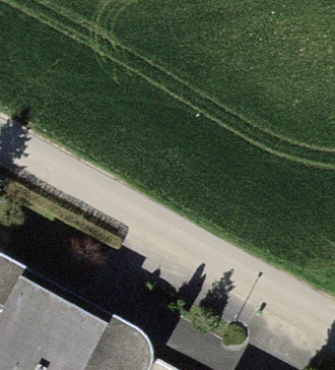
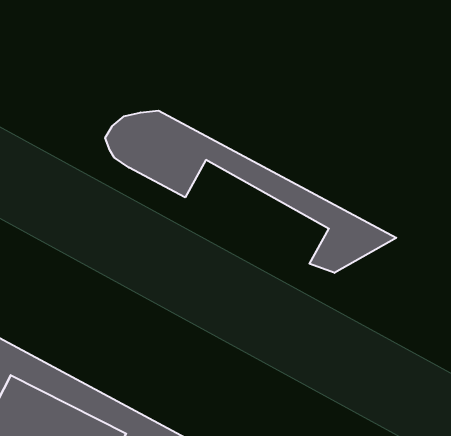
building: none -> [105,111,396,273]

